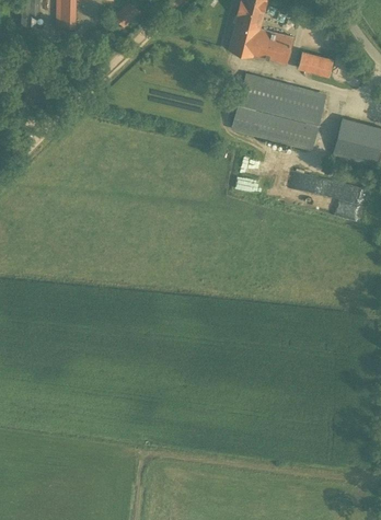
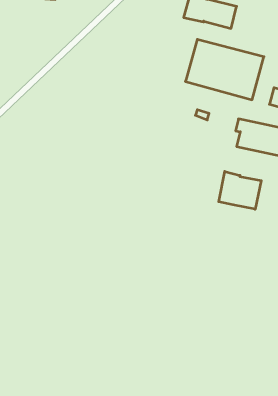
building: [299,50,334,76] -> none
building: none -> [219,171,261,209]

